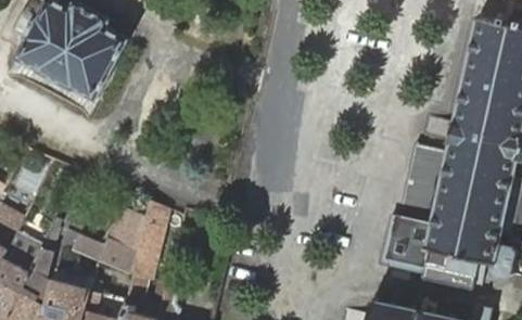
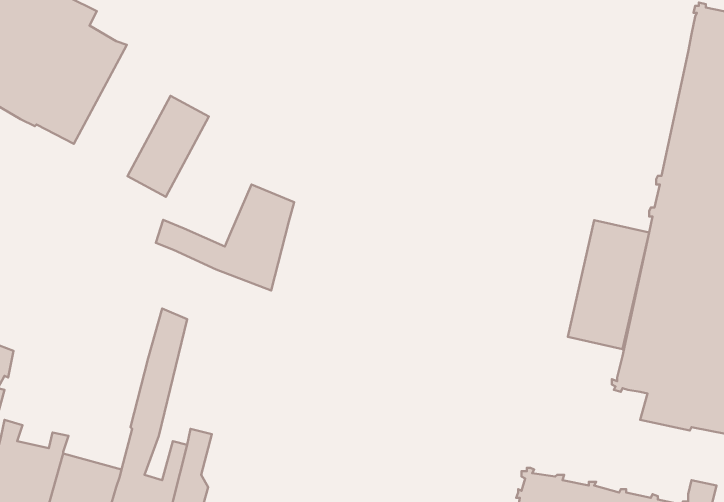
building: none -> [127,96,209,197]
building: [59,208,143,273] -> [156,184,294,291]
building: [386,218,446,267] -> none

